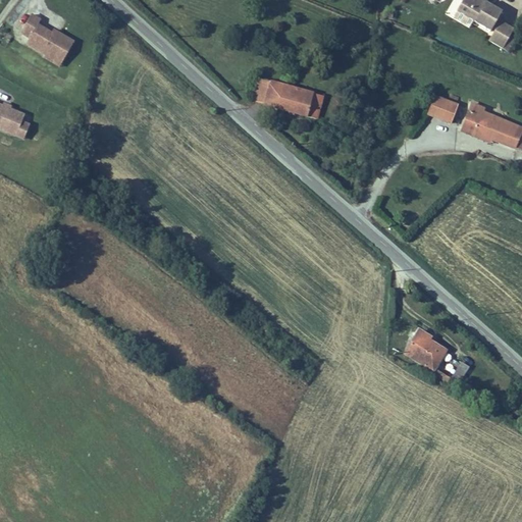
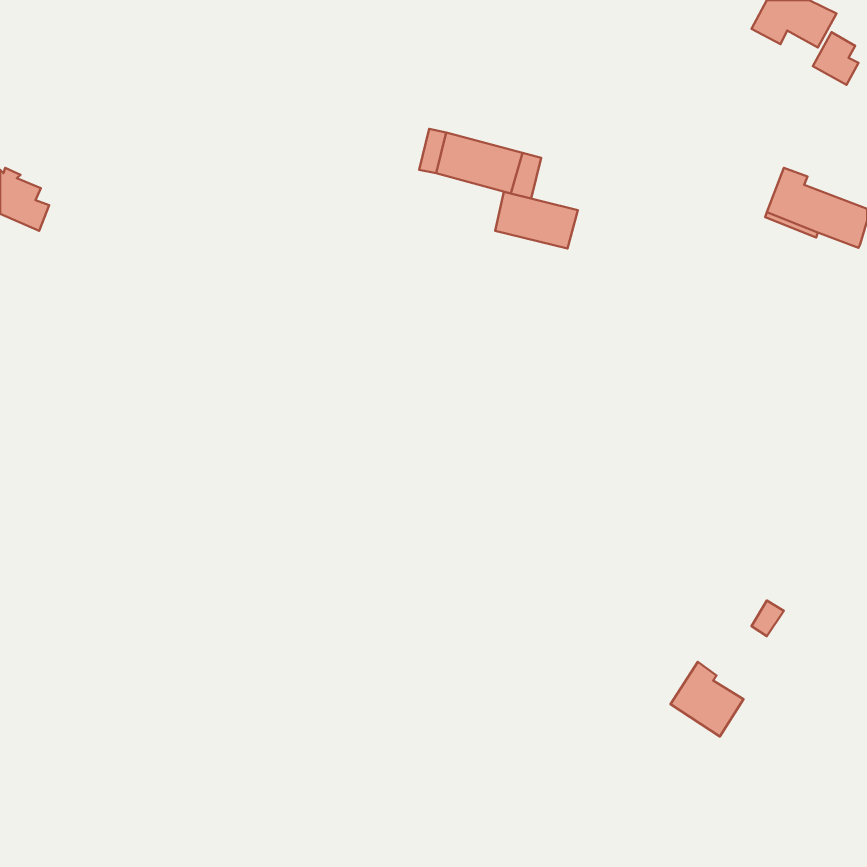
building: [18,12,74,66] -> none
building: [427,96,458,122] -> none
building: none -> [495,192,578,249]
building: [403,327,447,372] -> [671,662,744,737]

